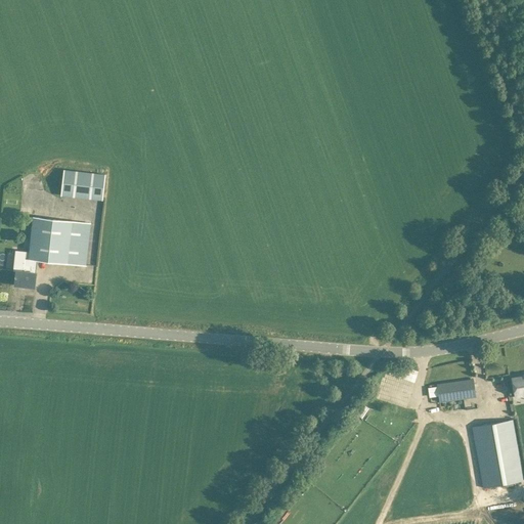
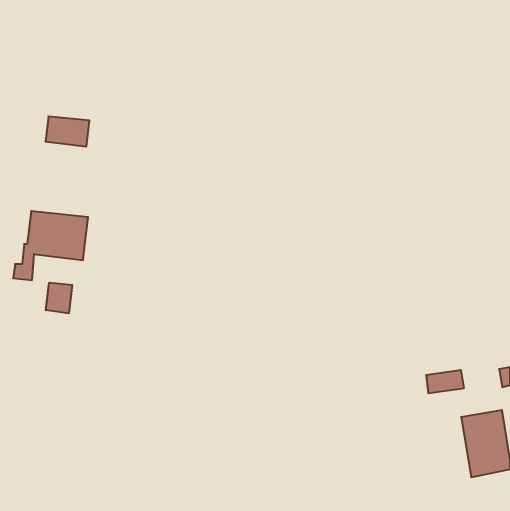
building: [59,170,104,201] -> [45,116,89,146]
building: none -> [46,283,72,313]

